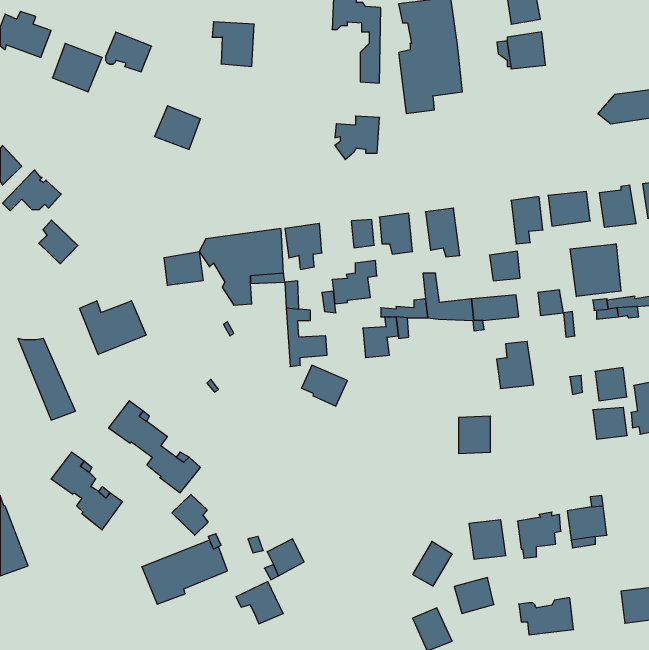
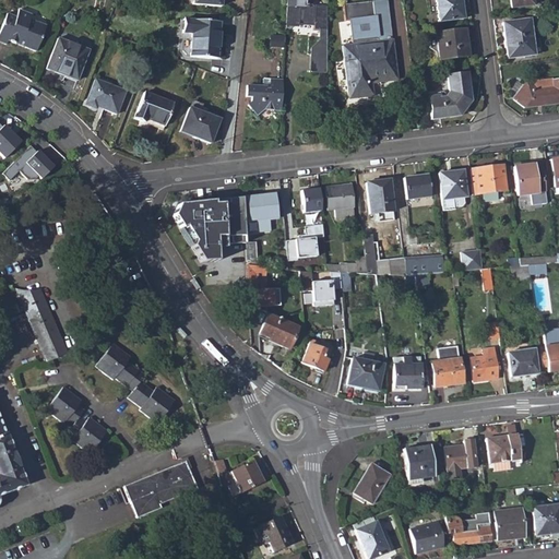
building: none -> [504,17,536,57]
building: [106,32,152,72] -> [88,78,128,111]
building: none -> [430,72,472,117]
building: [335,116,380,160] -> [246,76,284,114]
building: none -> [181,107,222,142]
building: [39,220,78,264] -> none
building: [570,244,621,297] -> none
building: [489,251,520,281] -> [405,173,431,198]
building: [164,252,203,286] -> none
building: [79,301,146,355] -> none
building: [497,341,534,389] -> [432,345,464,385]
building: [595,368,627,401] -> [472,353,499,381]
building: none -> [304,337,334,370]
building: none -> [348,349,384,389]
building: [172,494,208,535] -> none
building: [454,578,494,613] -> [411,521,444,551]
building: [236,582,283,624] -> [253,515,294,551]
building: none -> [496,507,526,538]

